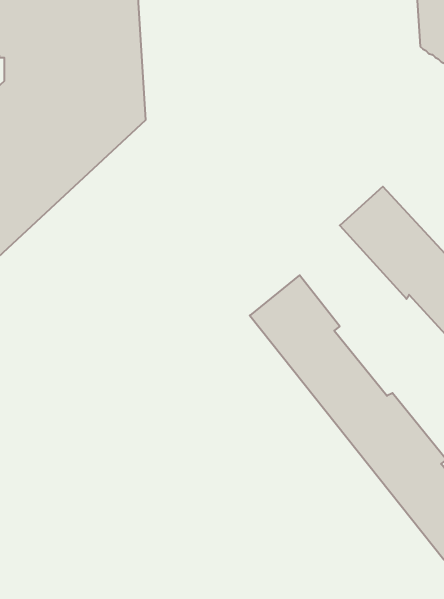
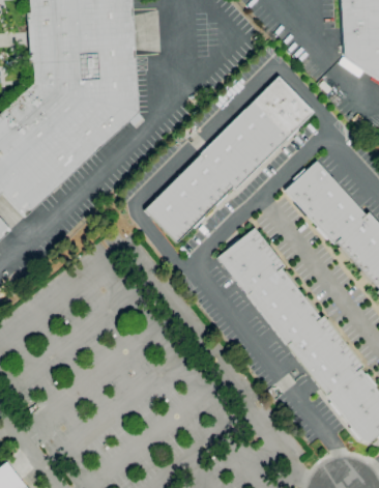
building: none -> [143,75,314,242]

